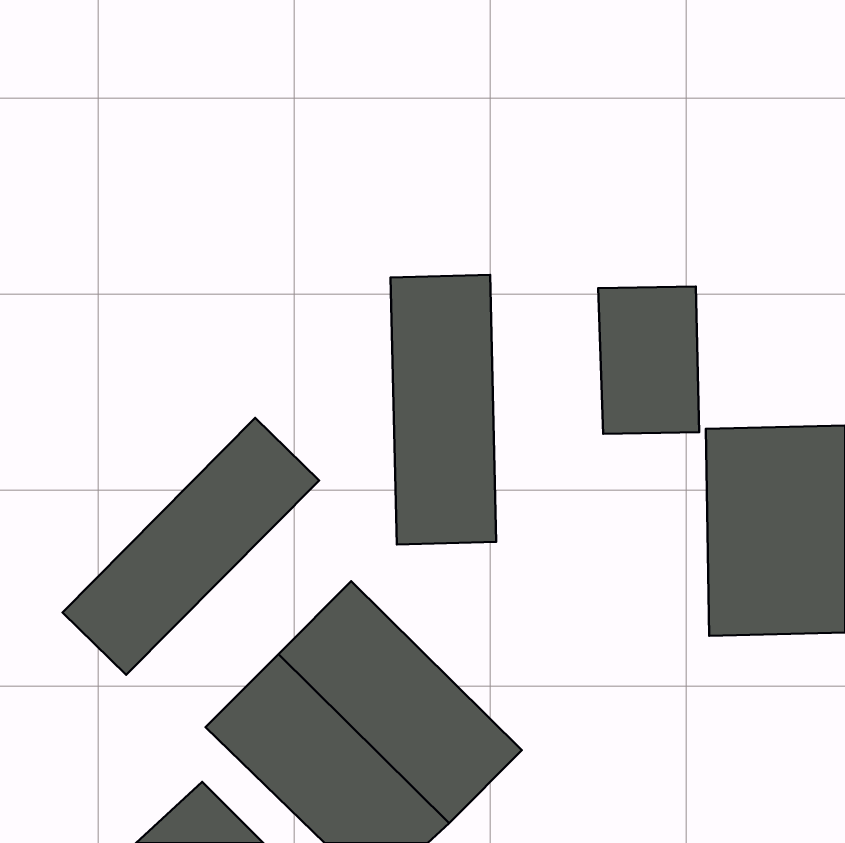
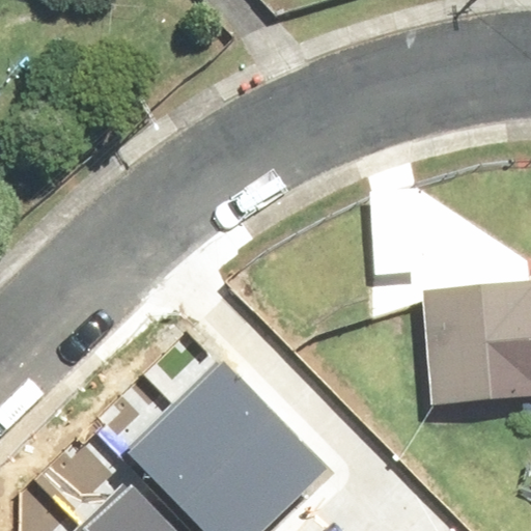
building: [391,275,496,544] -> none
building: [62,418,319,675] -> none

